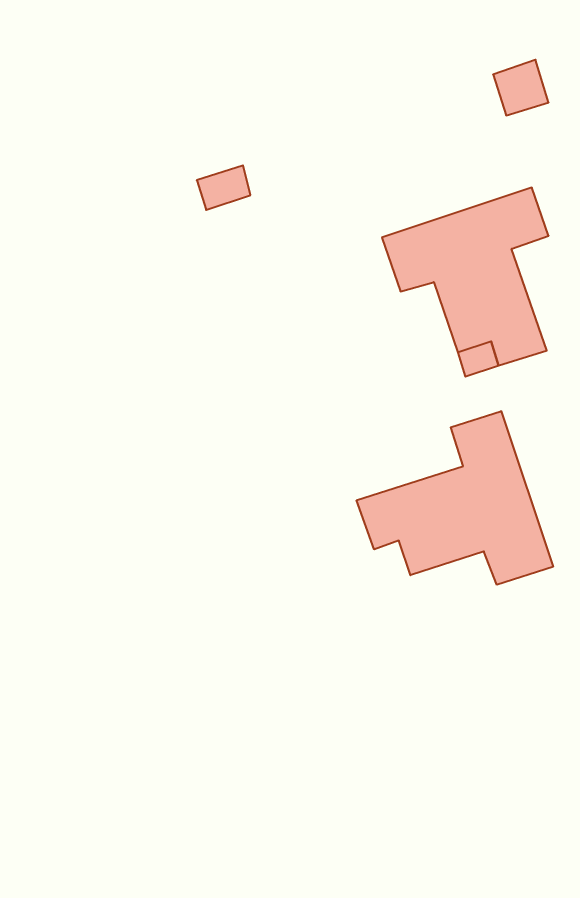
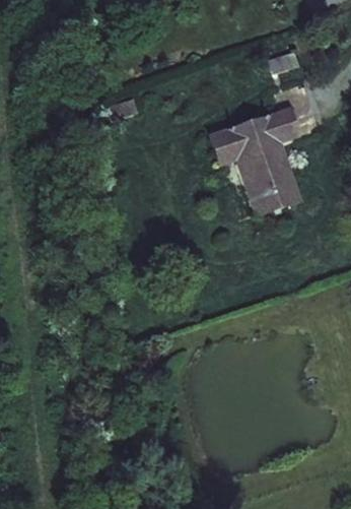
building: [357,411,553,585] -> none

